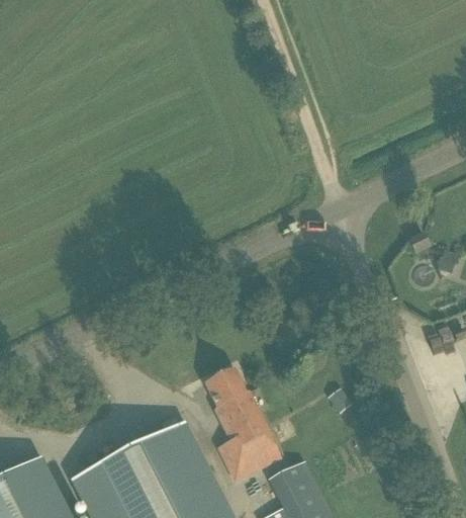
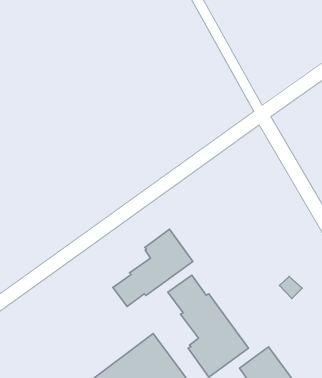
building: none -> [113,229,193,306]

